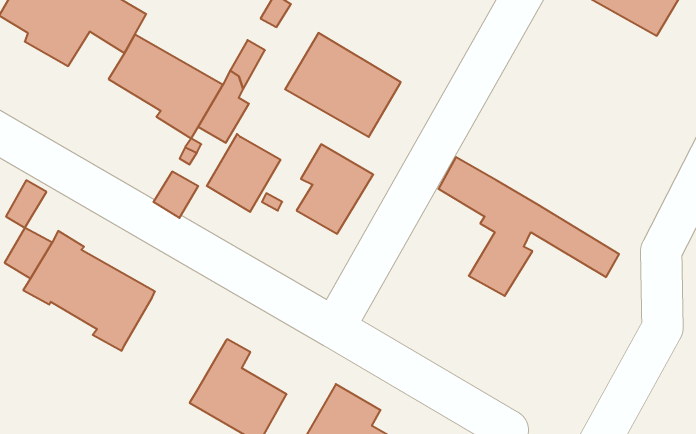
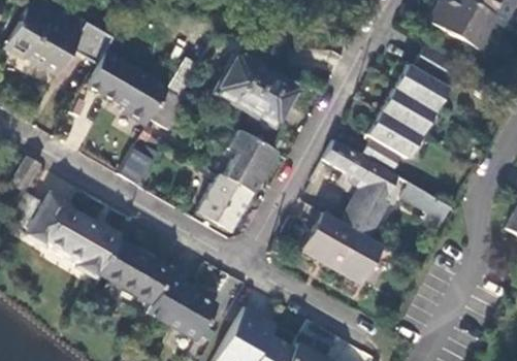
building: none -> [364,47,457,173]
building: [207,134,281,212] -> [198,175,251,231]
building: none -> [302,211,383,284]
building: none -> [99,239,171,304]

